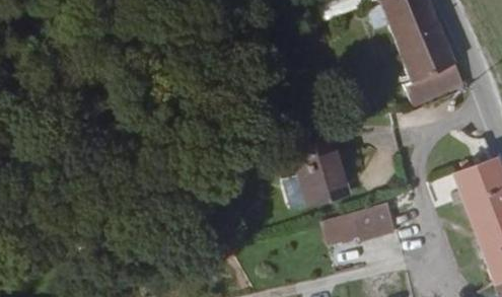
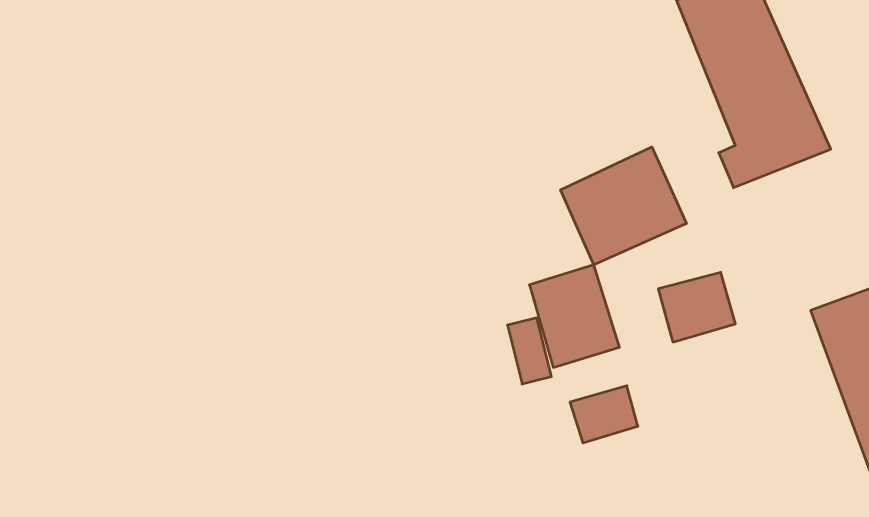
building: none -> [561,147,686,265]
building: [353,205,396,243] -> [658,272,735,342]

